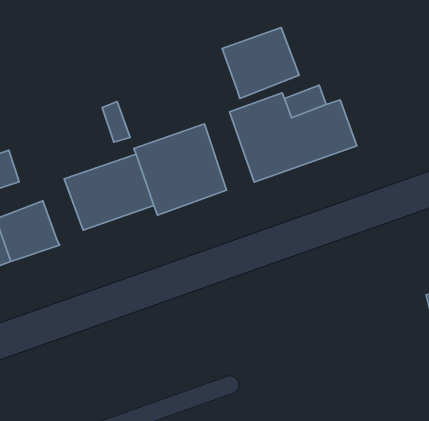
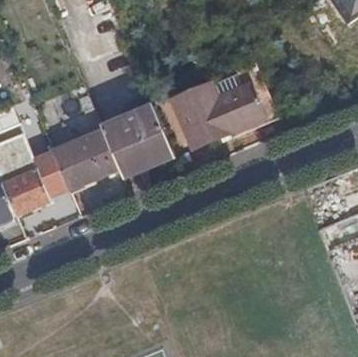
building: [222,27,299,98] -> none
building: none -> [35,148,71,197]

